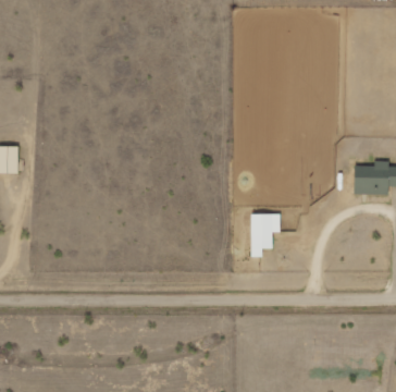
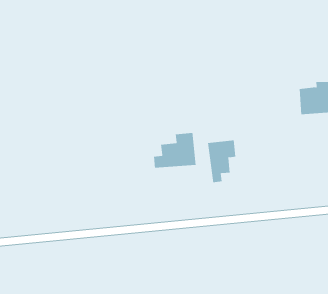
building: none -> [153,132,196,168]

